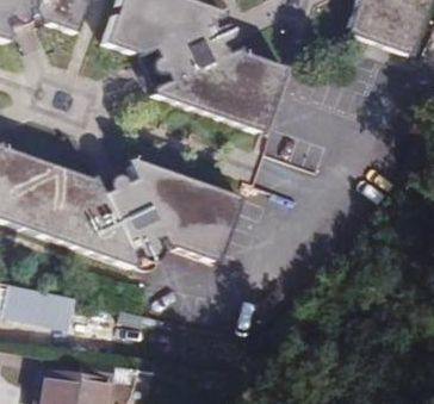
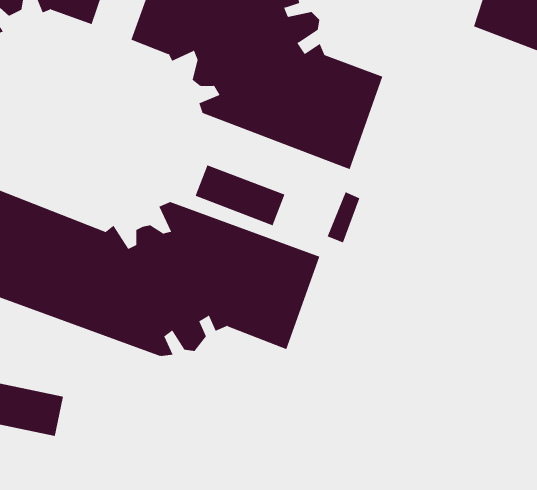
building: none -> [195,164,285,226]

